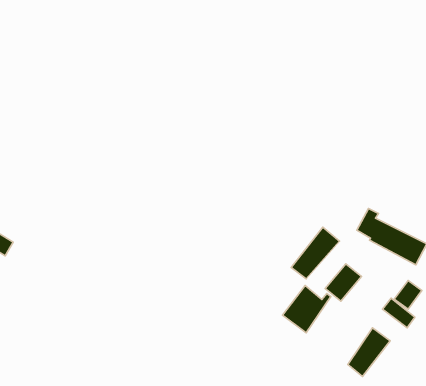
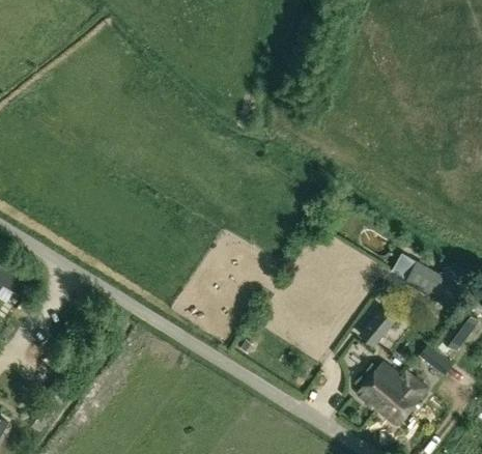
building: [291,227,340,279] -> none
building: [282,286,331,333] -> [358,364,408,414]

